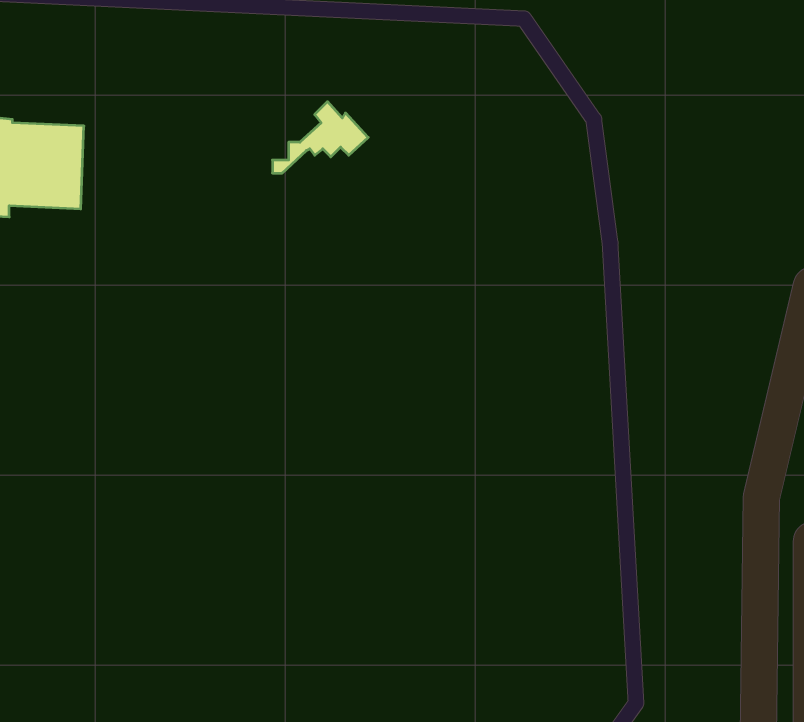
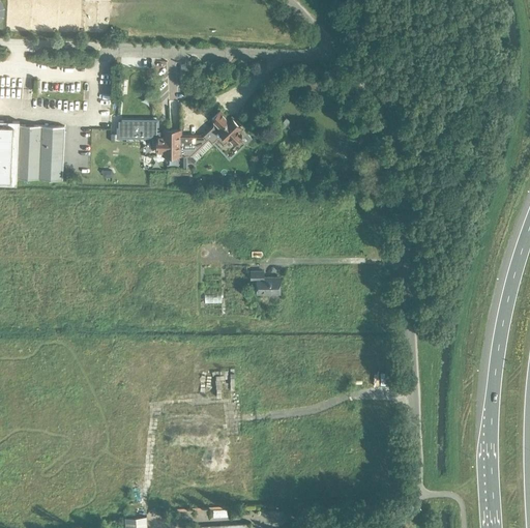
building: none -> [117,121,195,169]
building: none -> [251,272,279,294]

